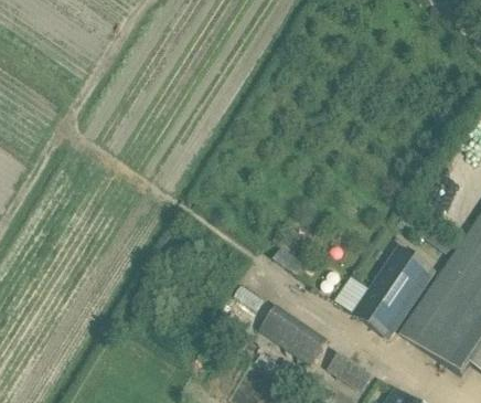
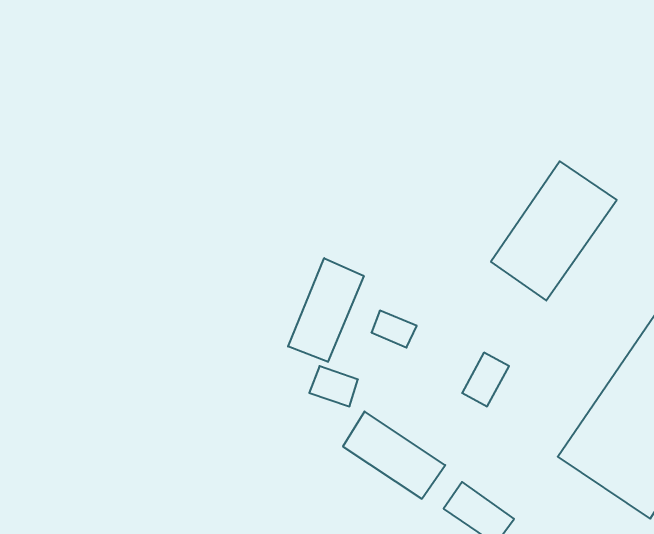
building: none -> [288,258,364,362]
building: [353,247,436,339] -> [491,161,617,301]

